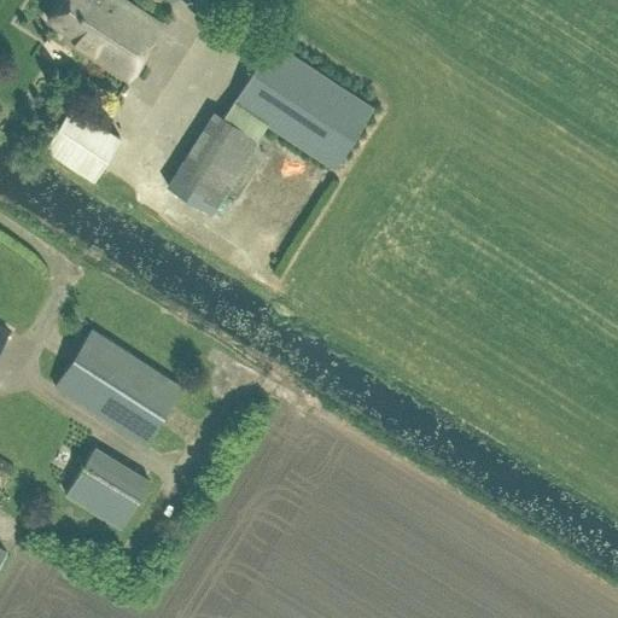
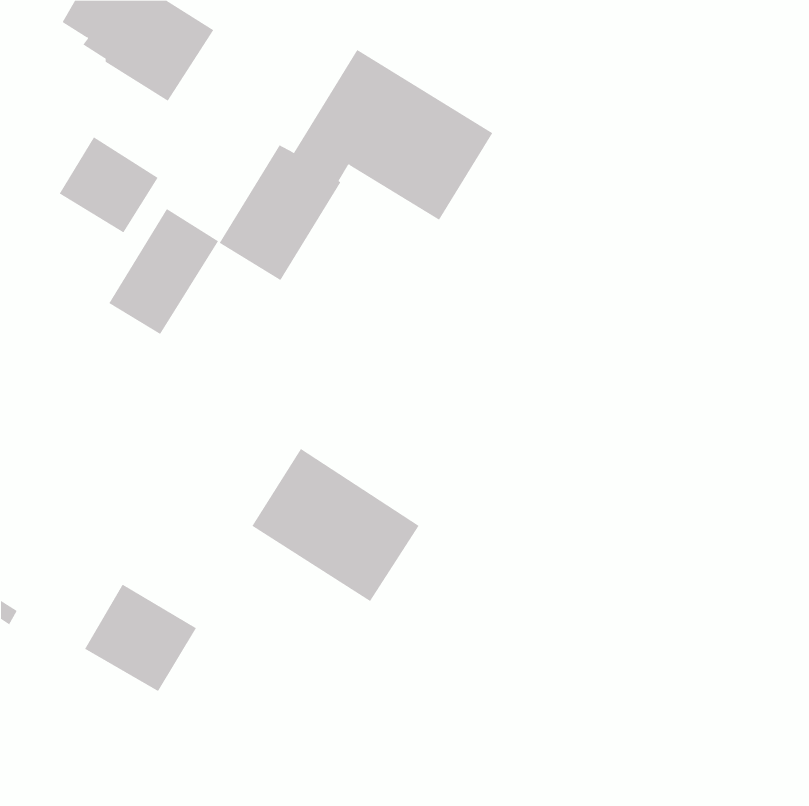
building: none -> [108,208,219,335]
building: [56,331,183,448] -> [251,448,420,602]

